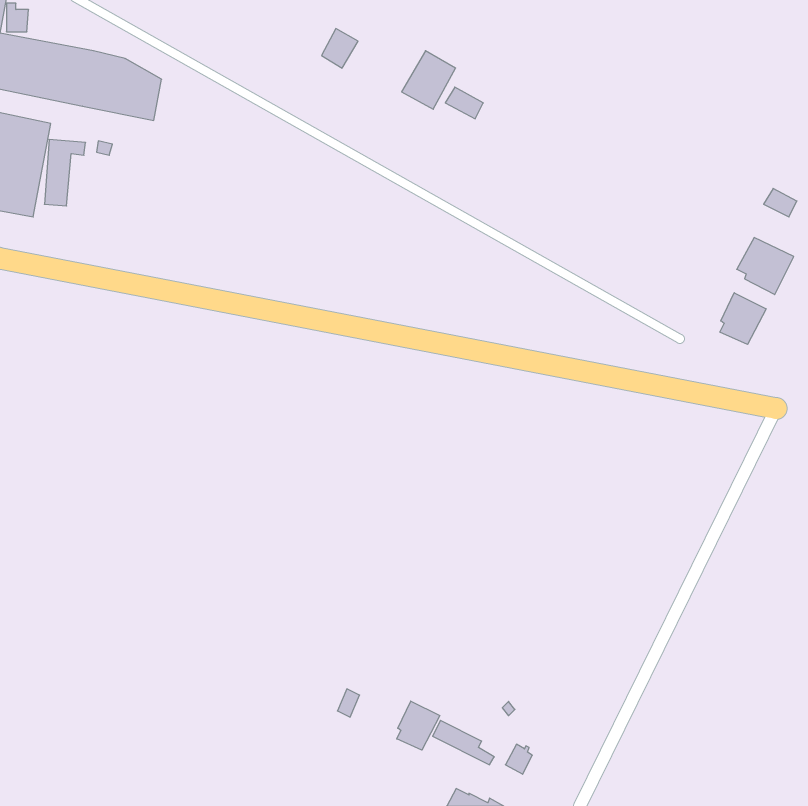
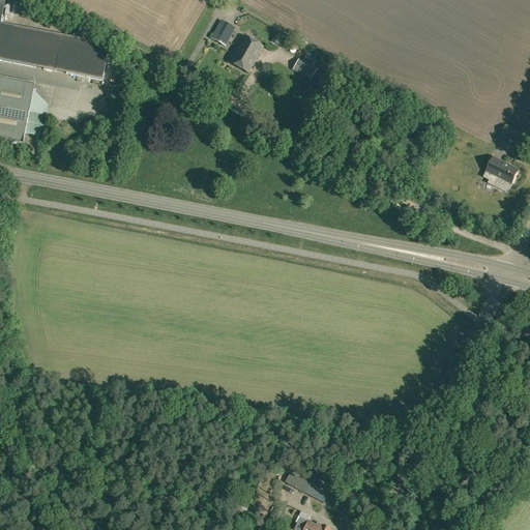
building: [402,51,456,109] -> [227,33,262,71]
building: [720,293,766,344] -> none
building: [397,701,440,750] -> none

